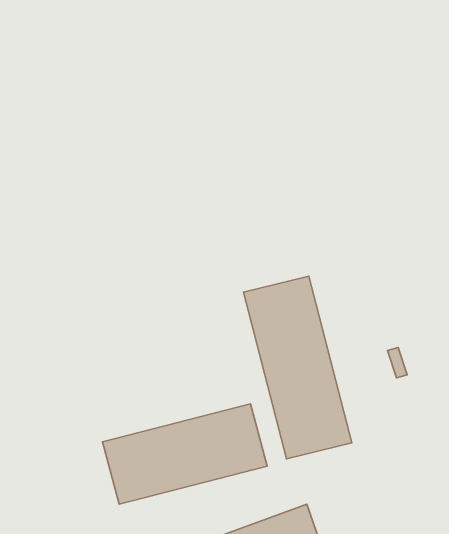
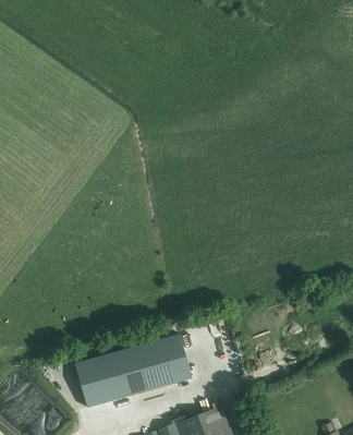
building: [243,276,352,459] -> none

